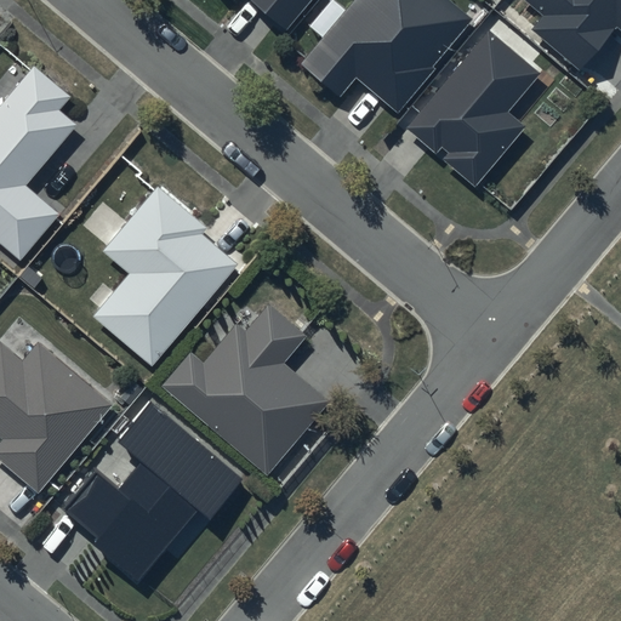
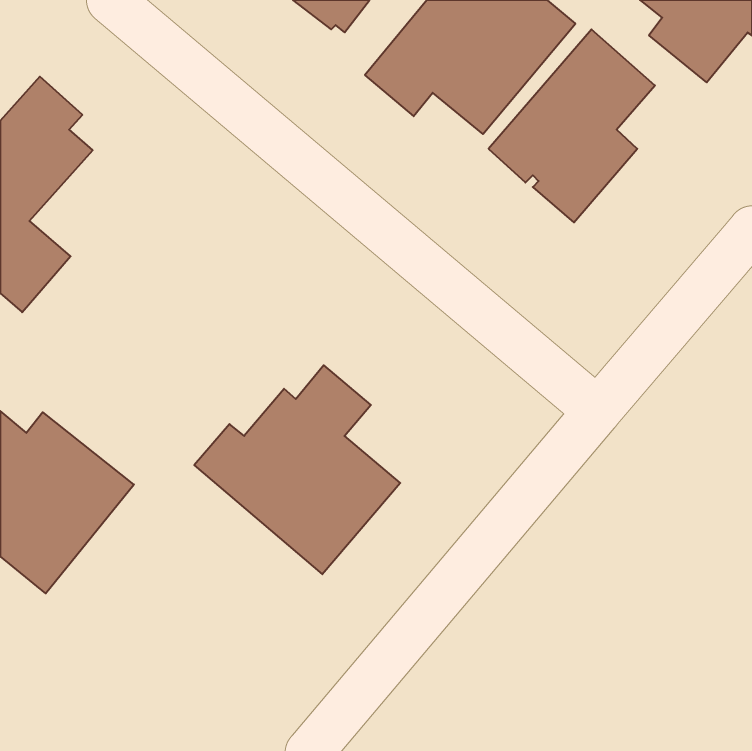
building: [91,183,239,364] -> none
building: [63,403,243,582] -> none

